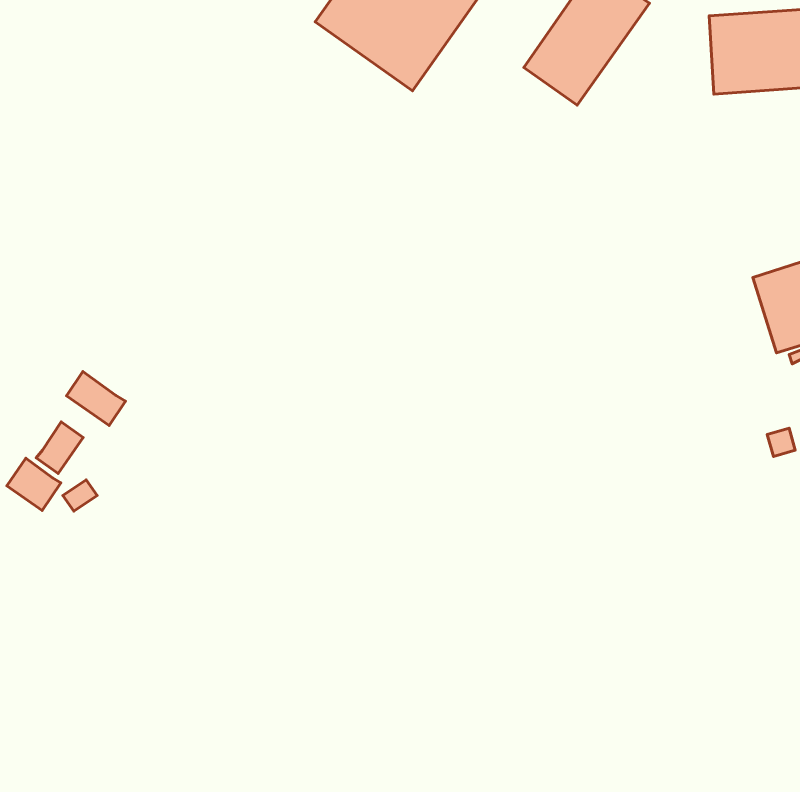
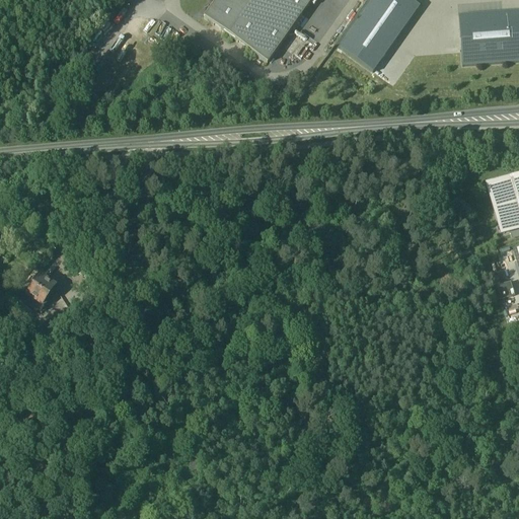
building: [66,372,126,425] -> none
building: [7,458,61,510] -> none

